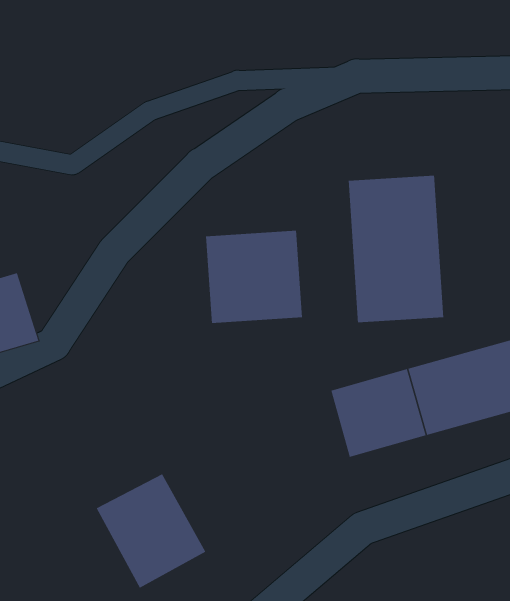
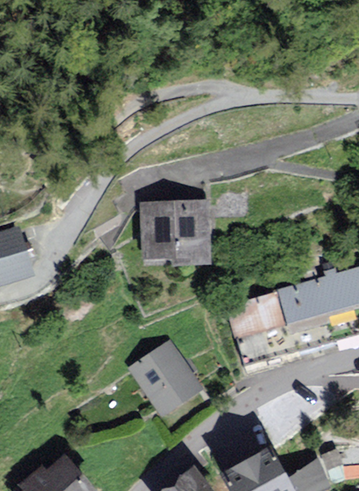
building: [348,175,444,323] -> none
building: [96,473,206,588] -> [128,336,204,415]

